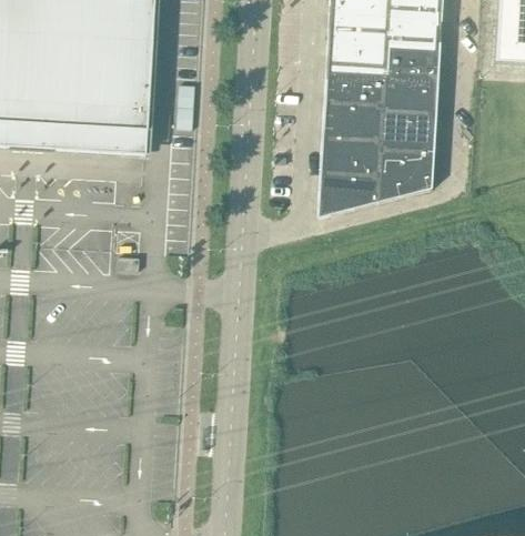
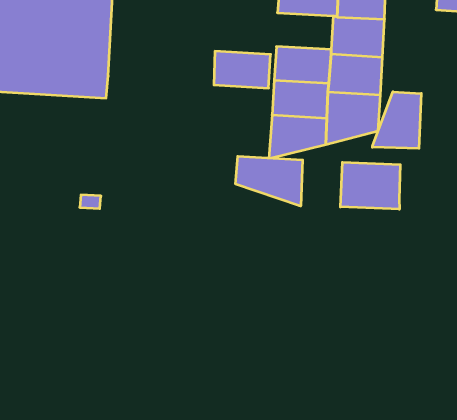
building: [325,63,385,102] -> [214,51,271,88]
building: none -> [372,92,421,148]
building: none -> [236,156,303,206]
building: none -> [340,162,400,209]

